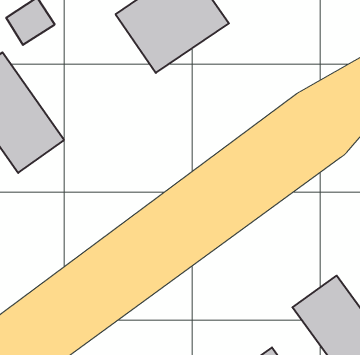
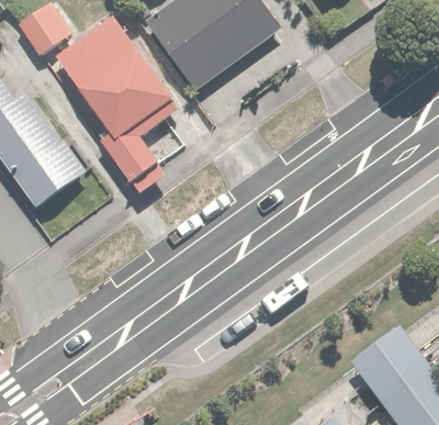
building: none -> [53,14,177,182]

